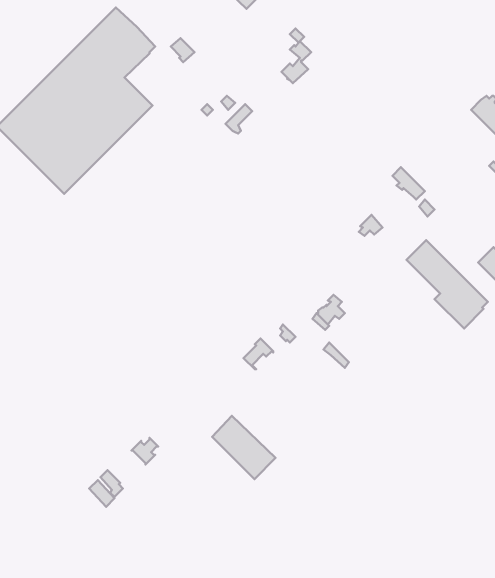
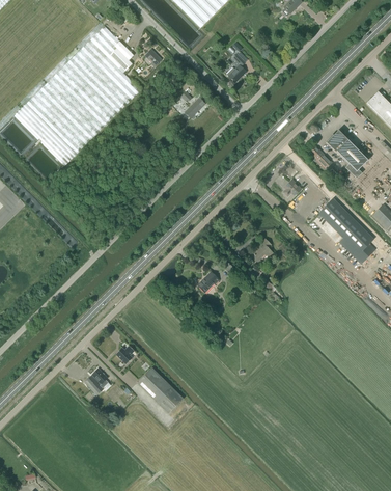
building: none -> [109,60,139,99]
building: none -> [325,130,366,179]
building: [212,416,275,479] -> [136,367,183,414]

